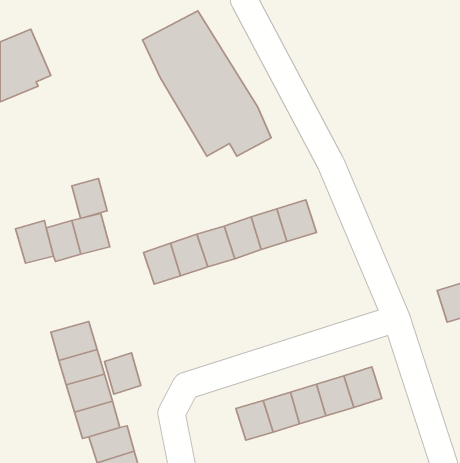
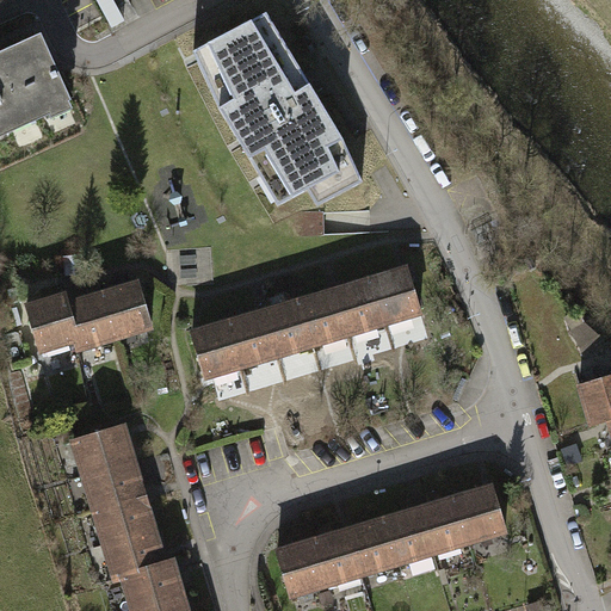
building: [72,178,107,218] -> none
building: [104,353,141,394] -> none
building: none -> [277,538,328,592]

